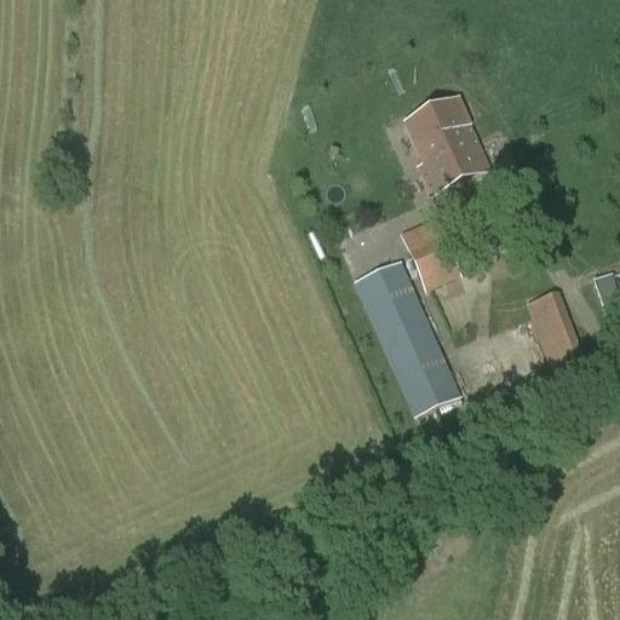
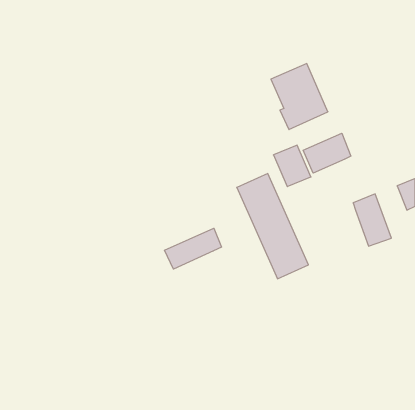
building: none -> [303,133,351,173]
building: none -> [165,228,221,269]

